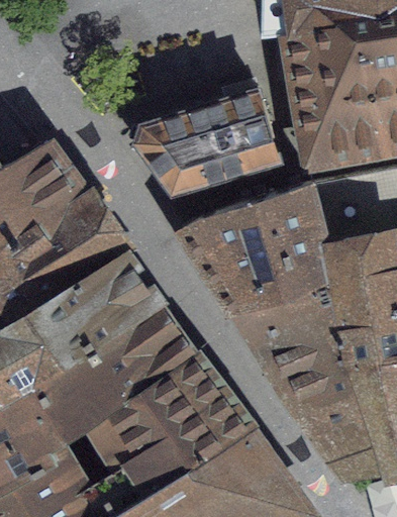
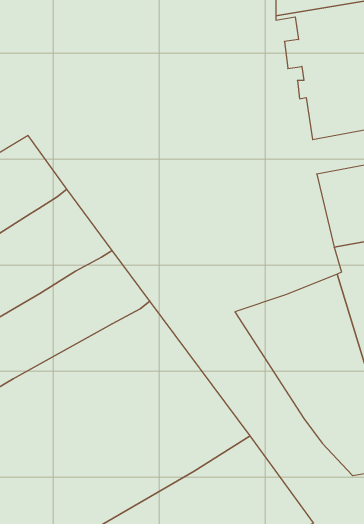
building: [136,92,279,195] -> none
building: [184,187,336,316] -> none

